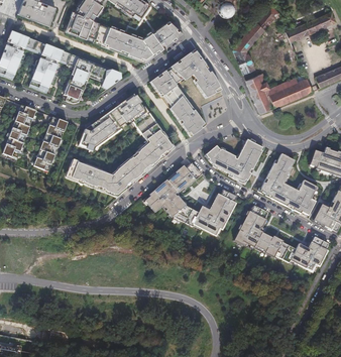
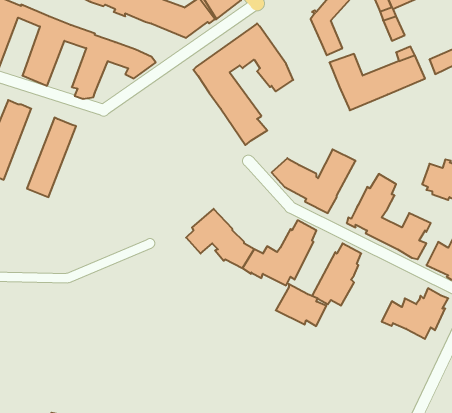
building: [67,96,172,195] -> none
building: [163,161,201,194] -> none
building: [252,229,288,258] -> [276,284,326,326]

